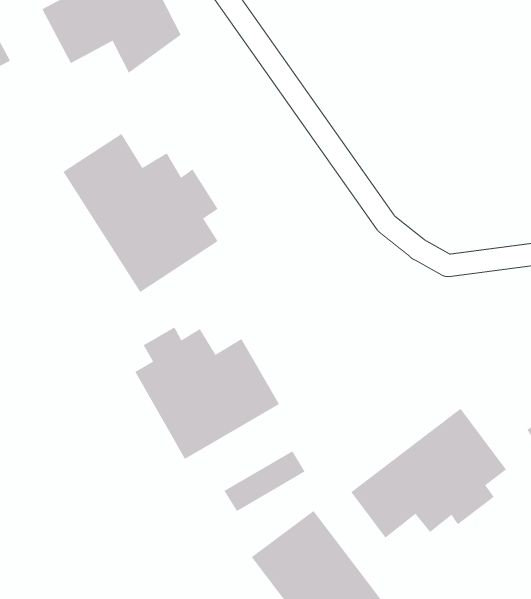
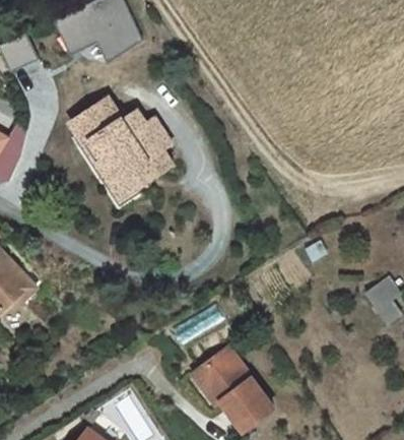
building: [134,326,280,460] -> none
building: [350,408,507,538] -> none

